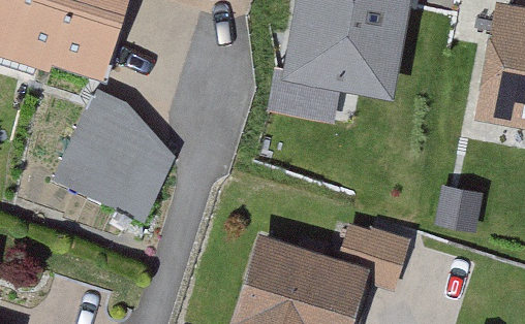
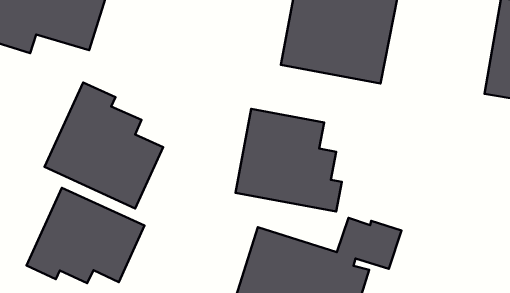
building: none -> [235,109,342,212]
building: none -> [26,188,145,283]

